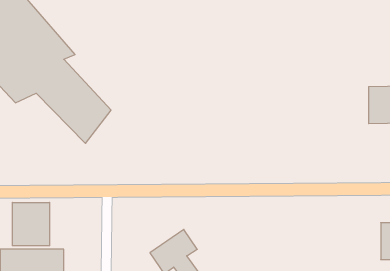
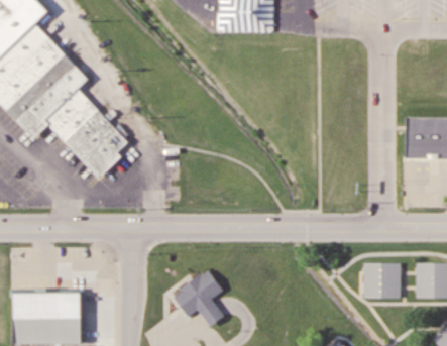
building: [12,202,50,246] -> none
building: none -> [364,263,401,299]

